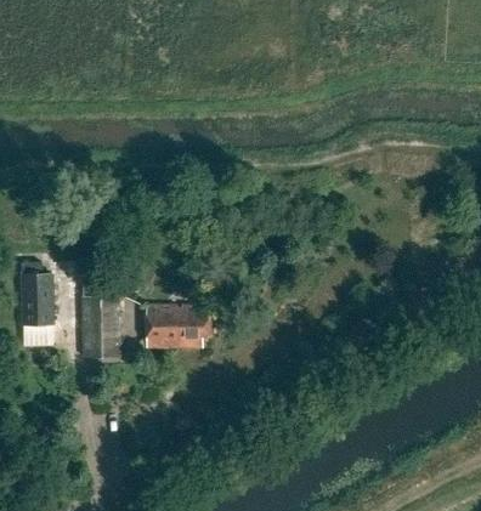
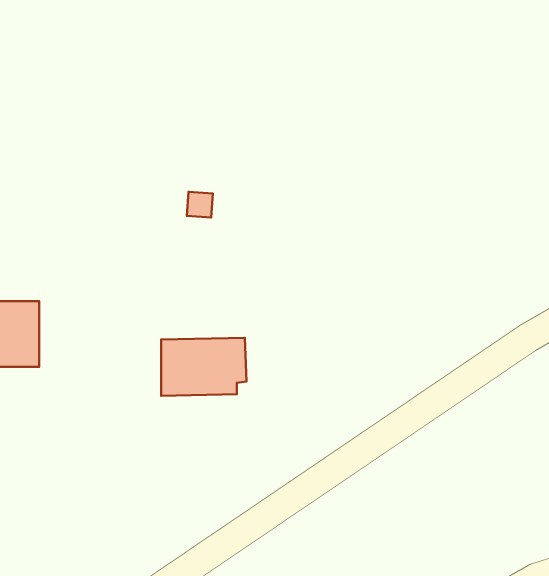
building: [84,286,121,358] -> none

